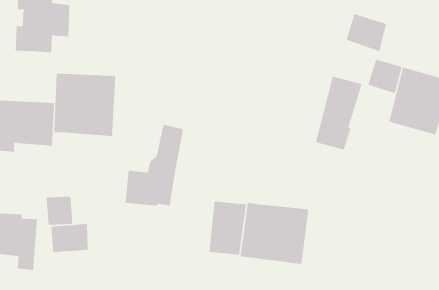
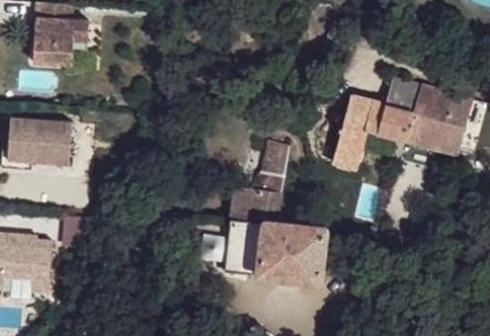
building: [346,14,387,52] -> [373,101,414,140]
building: [54,73,116,137] -> none
building: [125,124,184,206] -> [231,140,291,223]
building: [51,223,88,253] -> none

